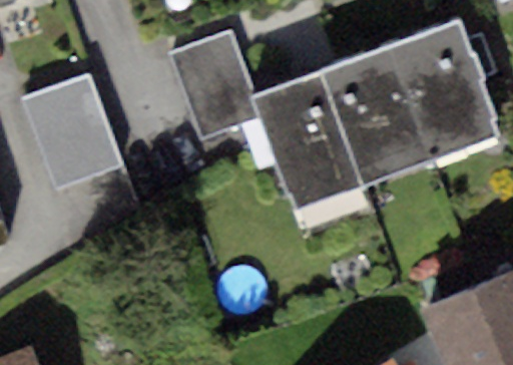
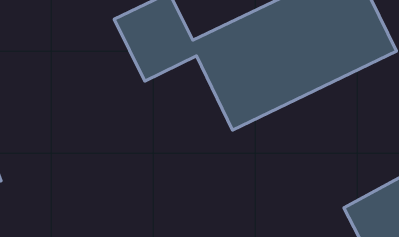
building: [31,75,126,194] -> none

